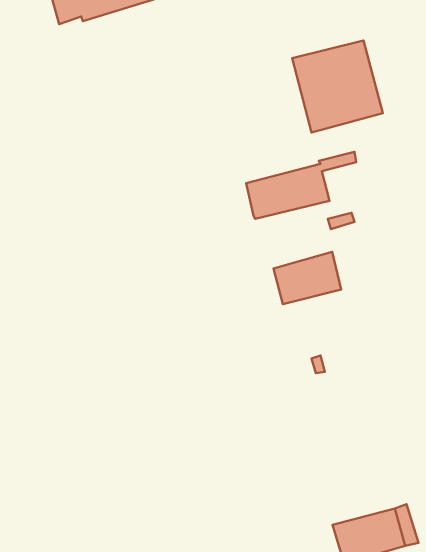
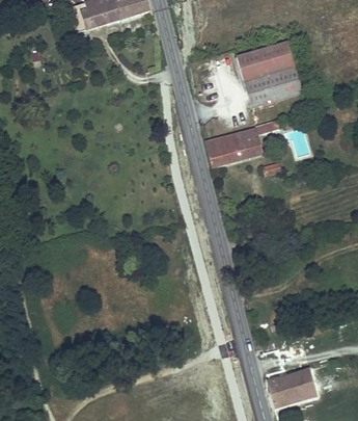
building: [274,252,341,304] -> none

